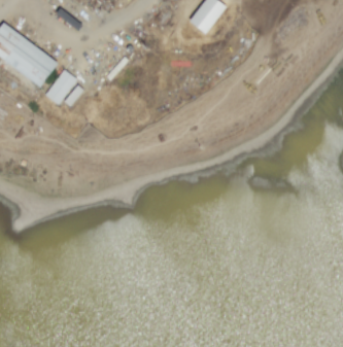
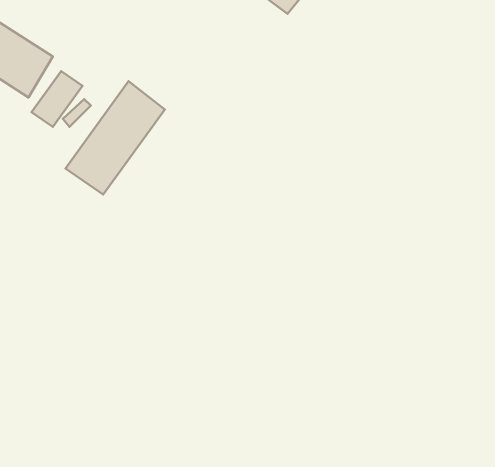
building: none -> [66,81,165,195]

